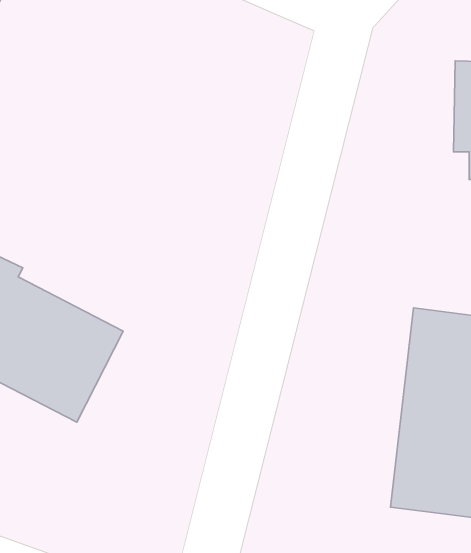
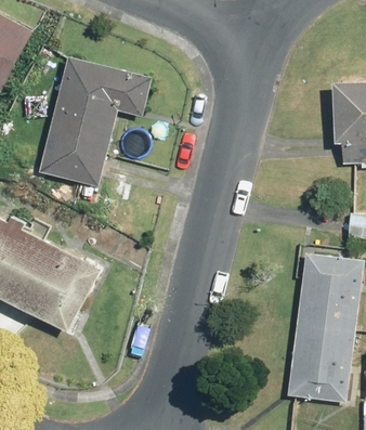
building: none -> [39,58,153,186]

